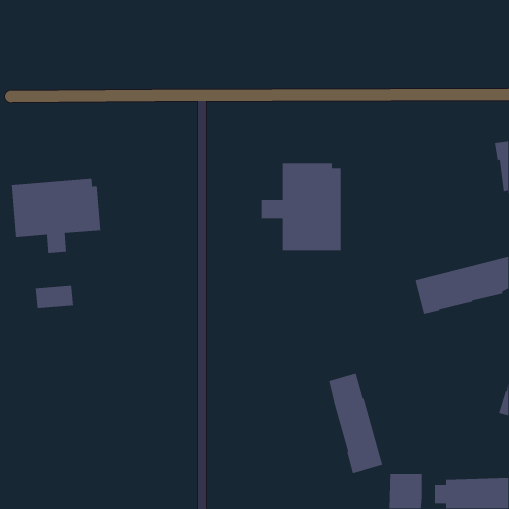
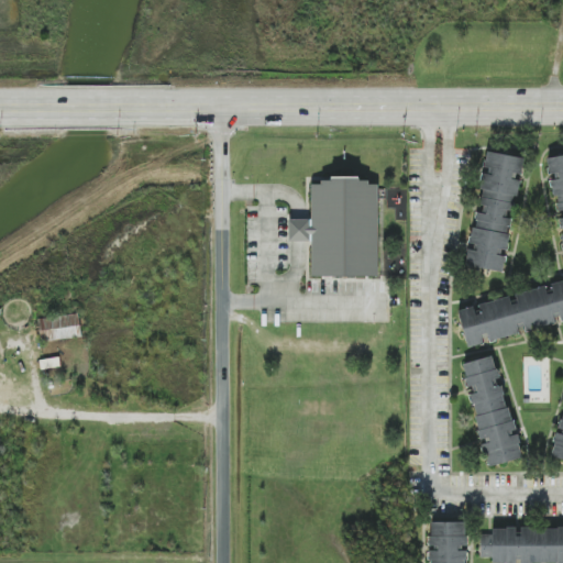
building: none -> [467,153,523,272]
building: [11,178,101,254] -> none
building: [328,372,383,474] -> [462,355,522,467]

